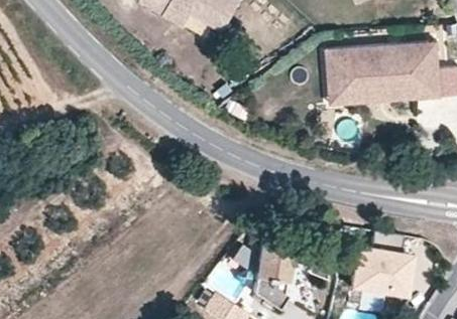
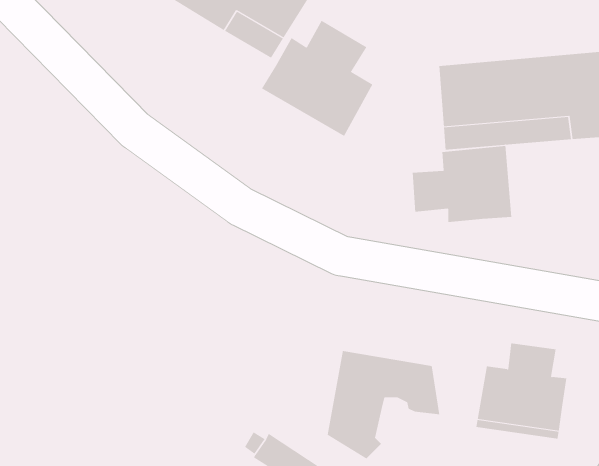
building: none -> [261,20,373,137]
building: none -> [412,145,512,223]

